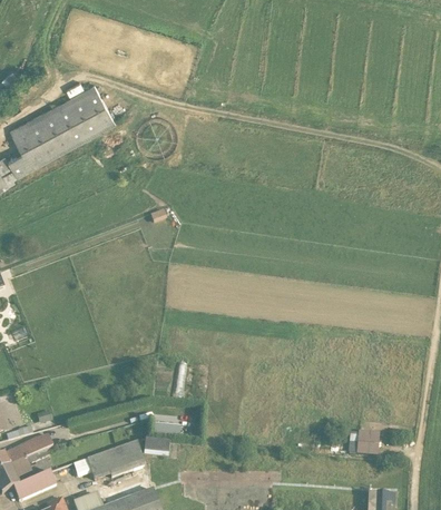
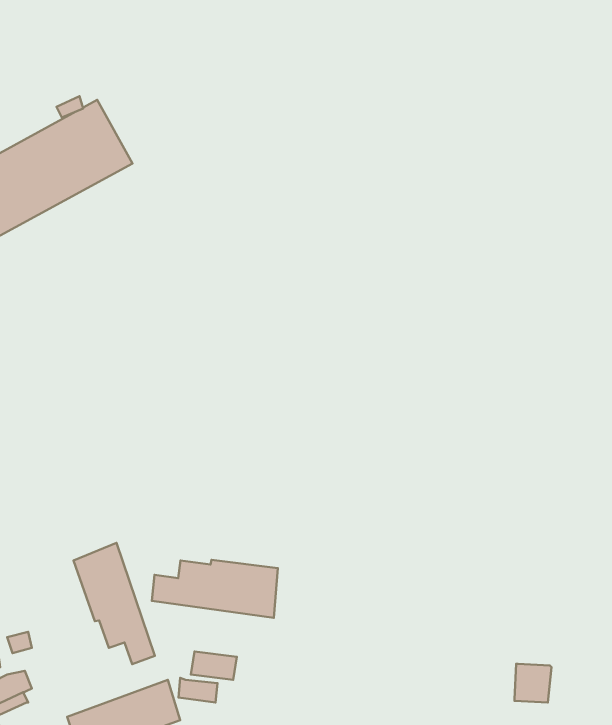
building: none -> [73,543,155,664]
building: none -> [152,560,278,618]

